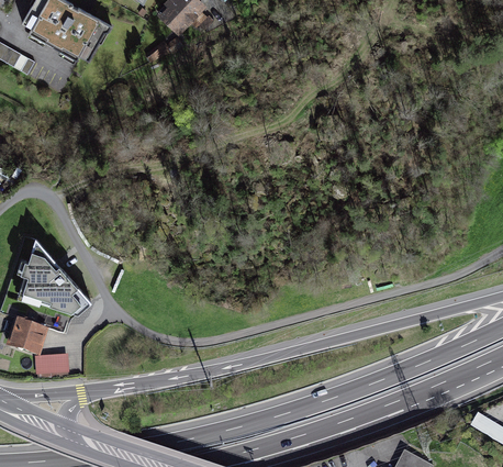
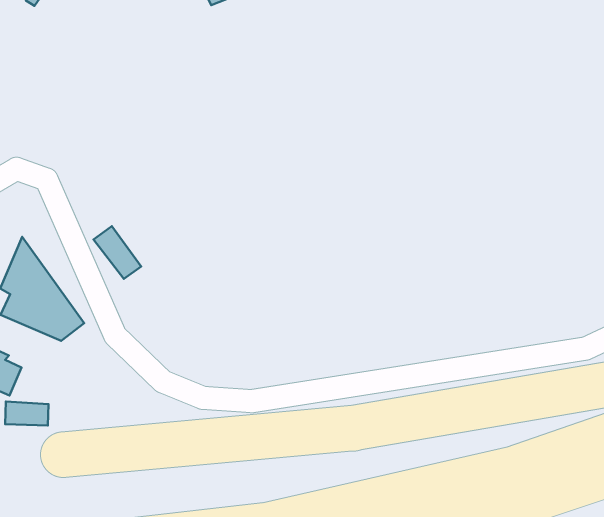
building: none -> [94,226,141,279]

